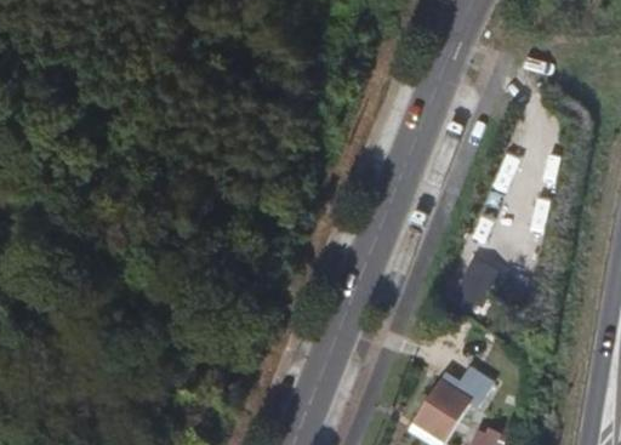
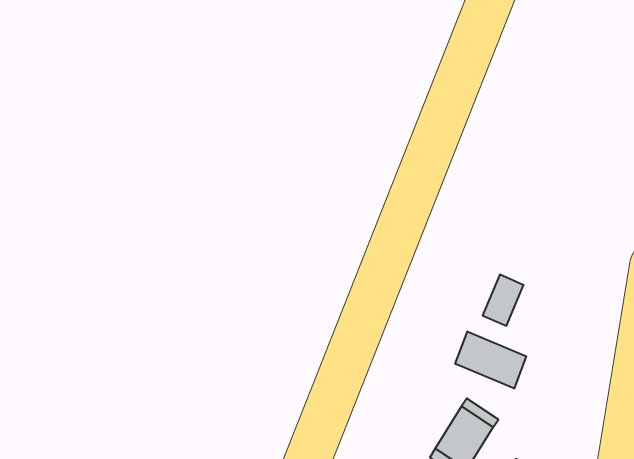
building: none -> [455,331,526,389]

